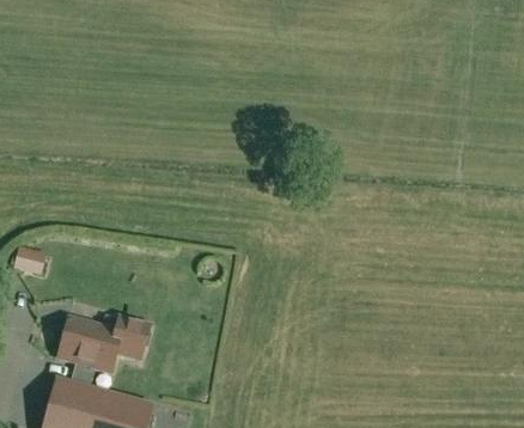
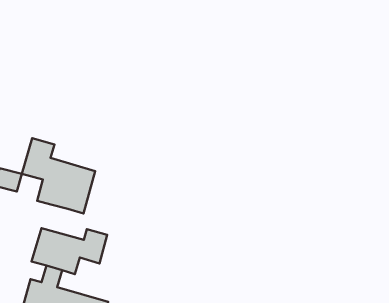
building: none -> [22,138,95,214]

